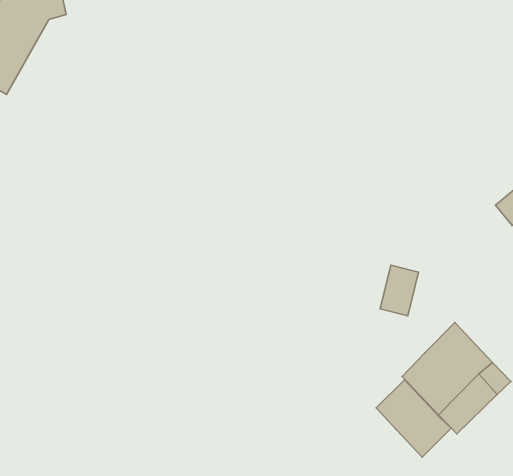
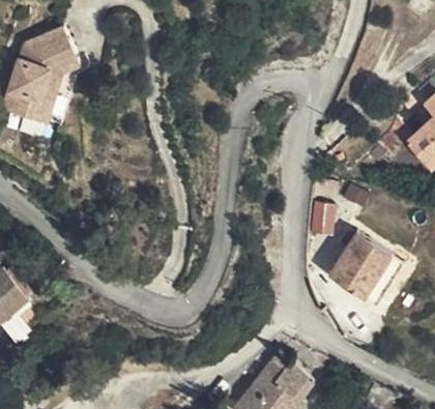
building: [376,380,451,457] -> none

